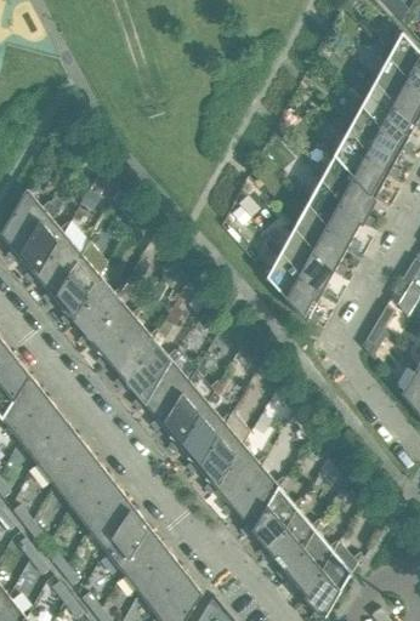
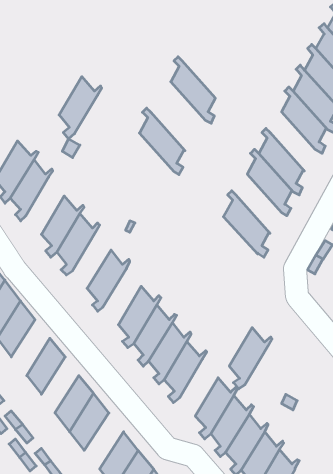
building: [322,149,374,227] -> [171,57,215,123]
building: [282,222,335,300] -> [139,108,185,175]
building: [36,230,86,303] -> [59,77,102,139]
building: [91,295,140,366] -> none
building: [126,337,176,409] -> none
building: [19,397,64,462] -> none
building: [55,440,98,506] -> none
building: [216,443,266,514] -> [229,328,272,389]
building: [104,506,151,571] -> none

